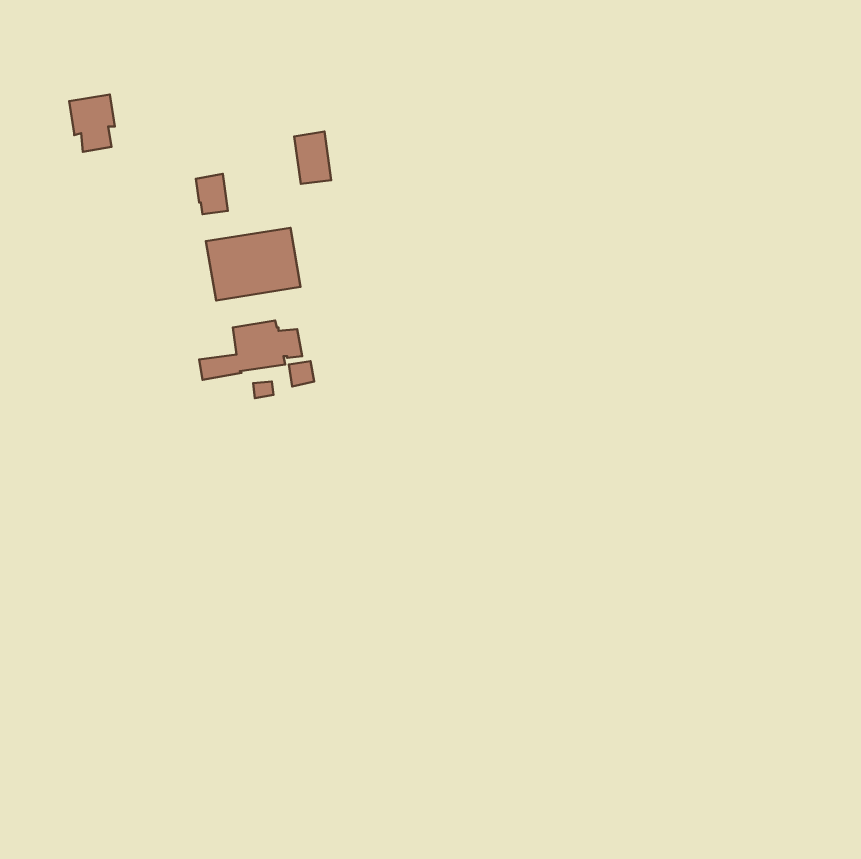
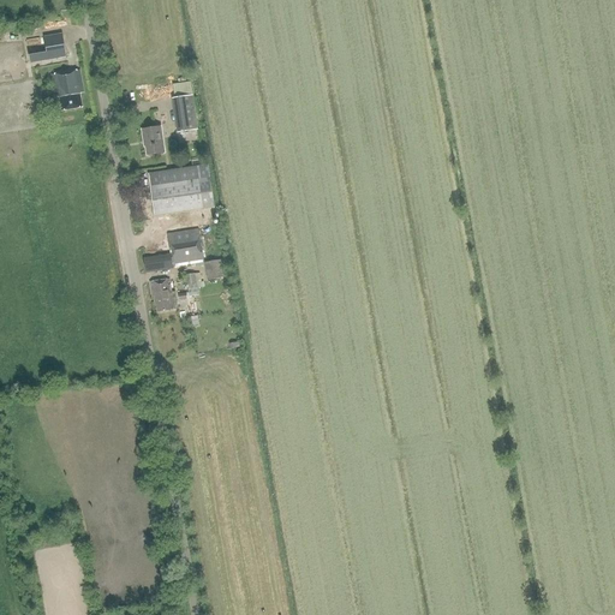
building: none -> [28,31,65,61]
building: [294,131,331,184] -> [171,92,197,130]
building: none -> [148,276,175,310]

